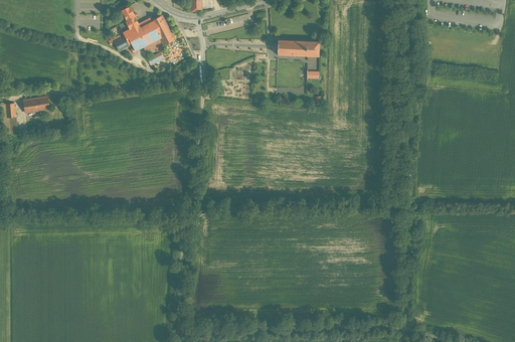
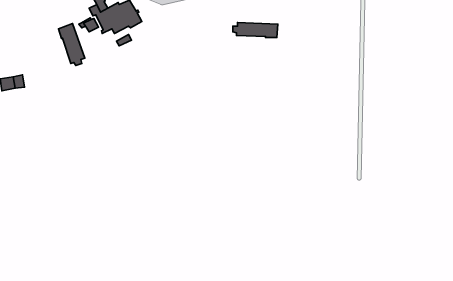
building: none -> [58,23,85,65]

